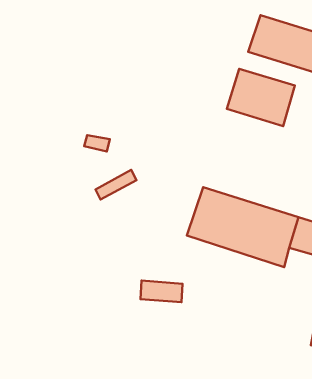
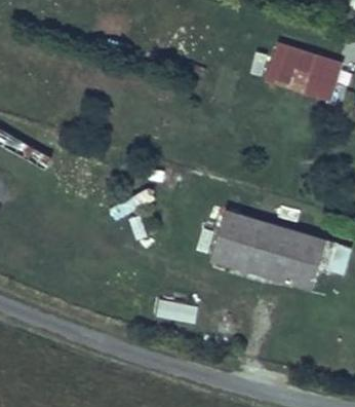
building: [227,69,295,126] -> none

